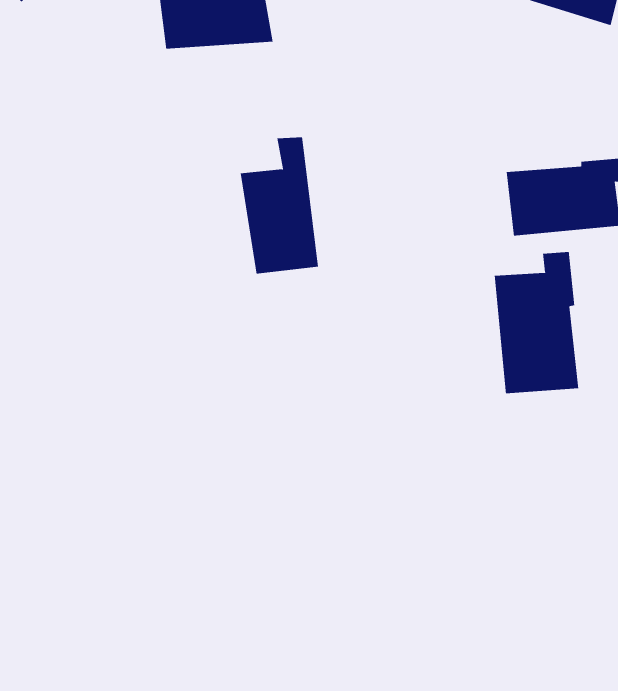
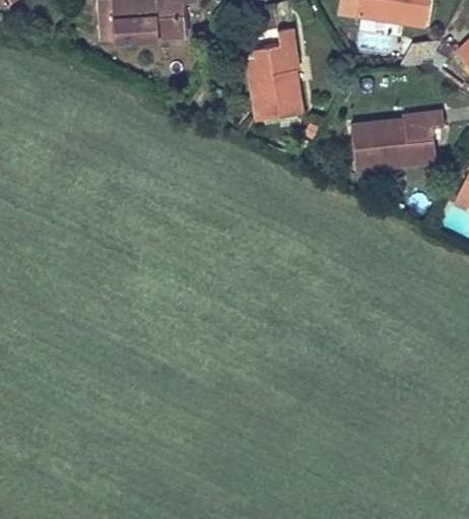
building: [240,137,319,274] -> [247,22,302,118]
building: [494,251,579,394] -> none

